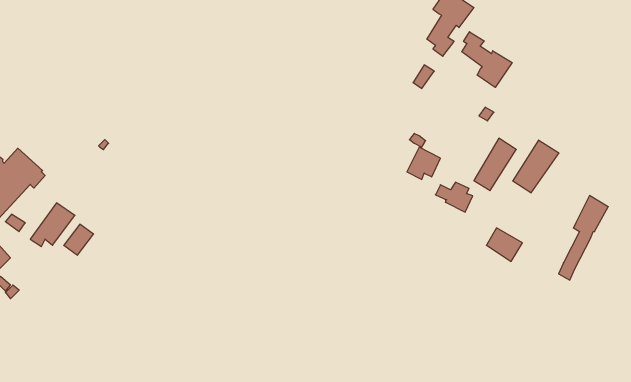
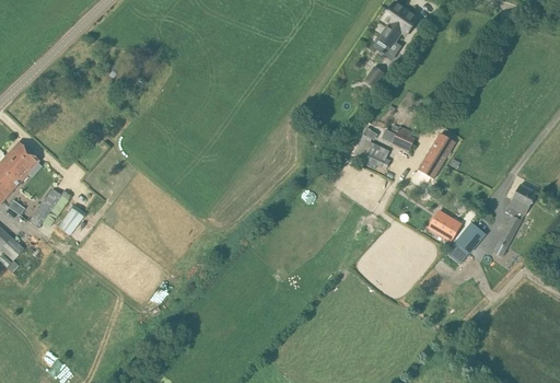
building: [462,32,512,87] -> none
building: [513,140,559,193] -> none
building: [435,182,473,212] -> [382,125,415,151]
building: none -> [445,221,482,264]

